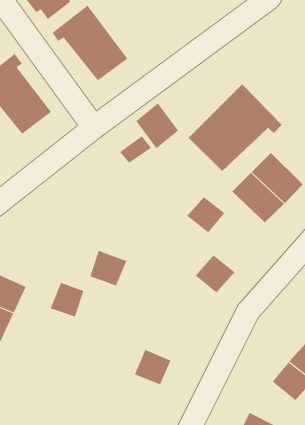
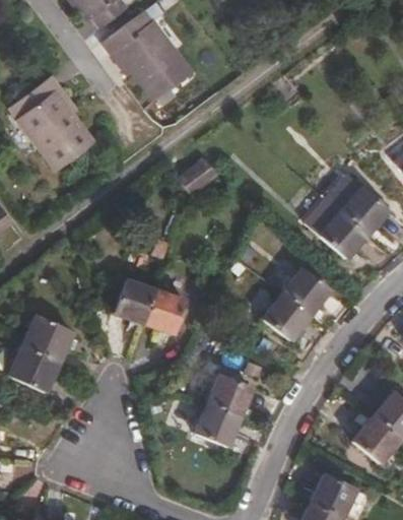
building: [188,83,282,172] -> none
building: [136,103,179,149] -> none
building: [186,196,225,233] -> [286,274,331,317]
building: [50,282,84,317] -> [114,281,153,322]
building: none -> [207,378,251,419]

